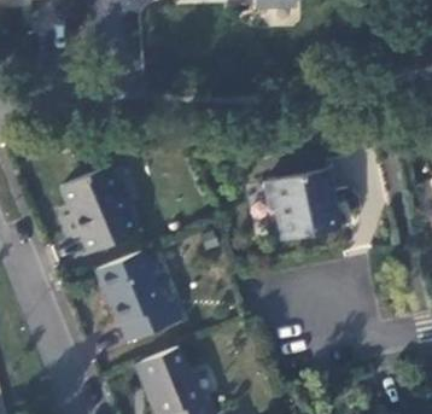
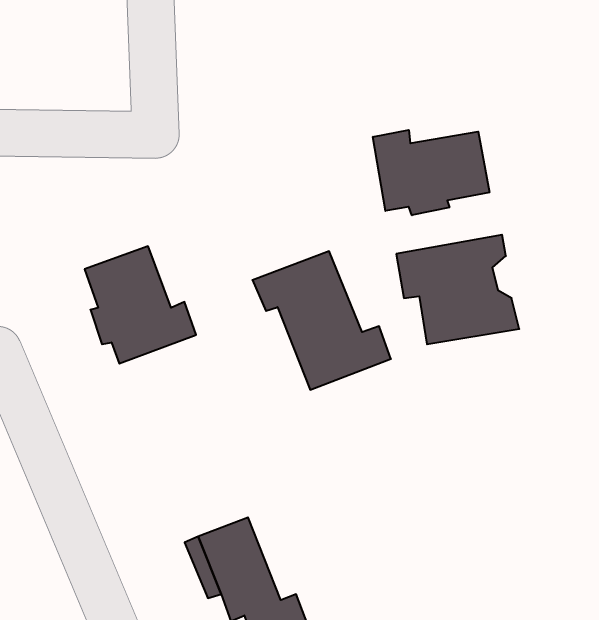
building: none -> [373,130,489,215]
building: [93,255,180,342] -> [252,251,391,390]

